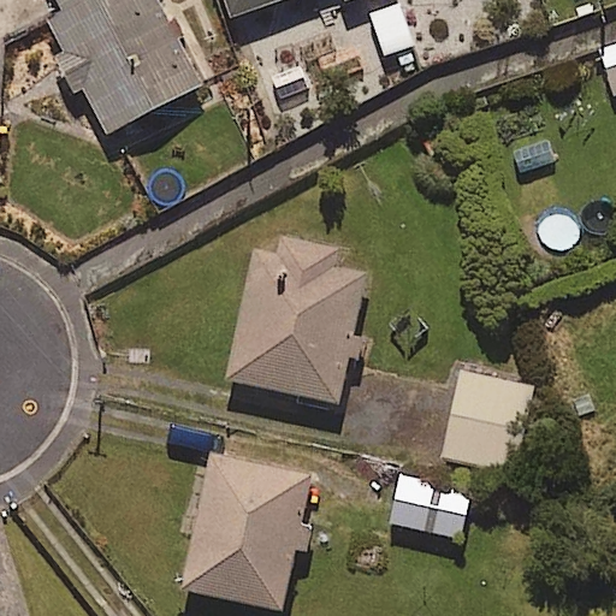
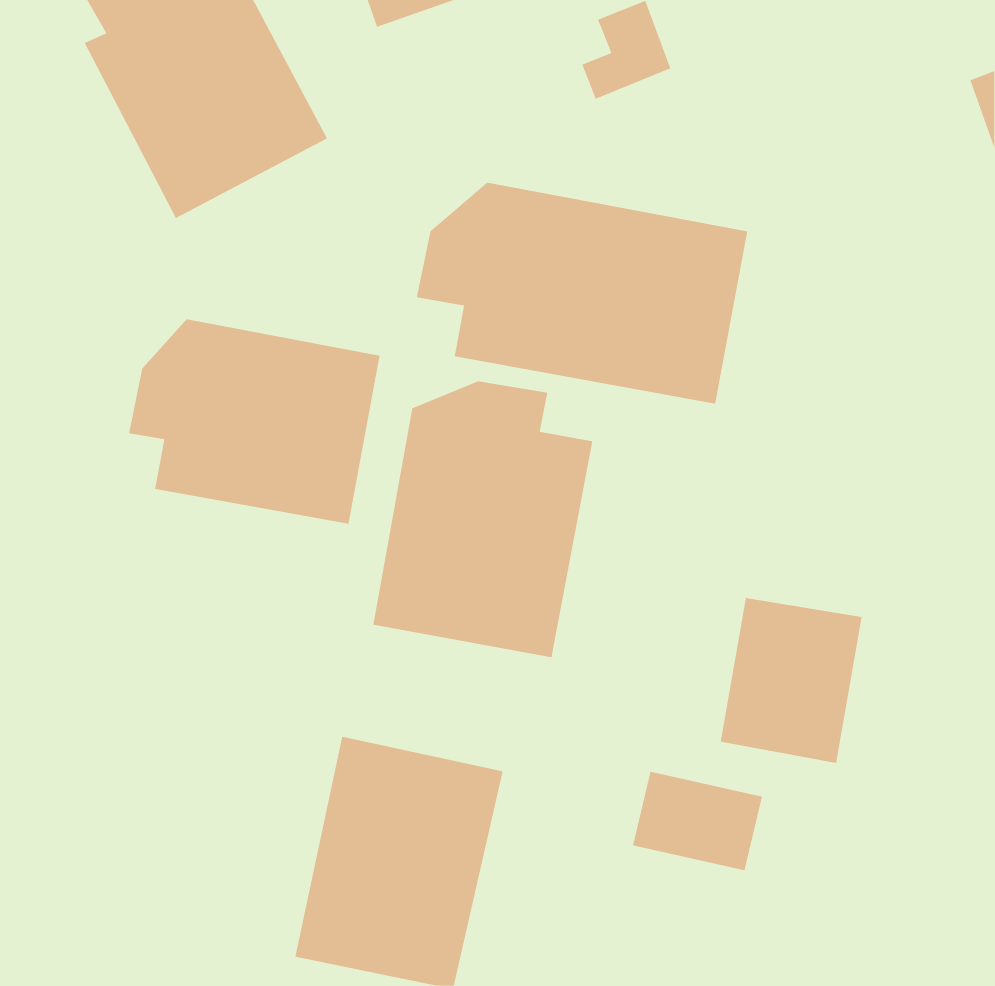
building: none -> [416,182,748,404]
building: none -> [129,319,380,525]

